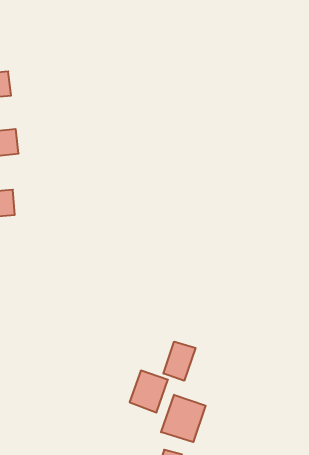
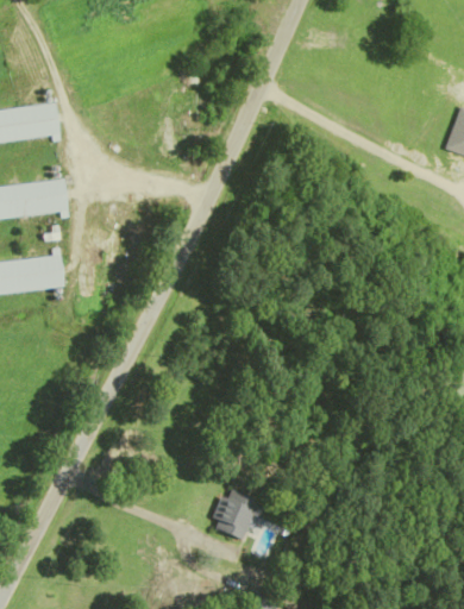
building: [163,342,196,381] -> none
building: [161,395,206,442] -> none

